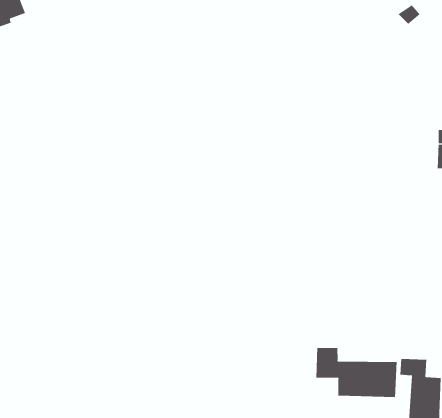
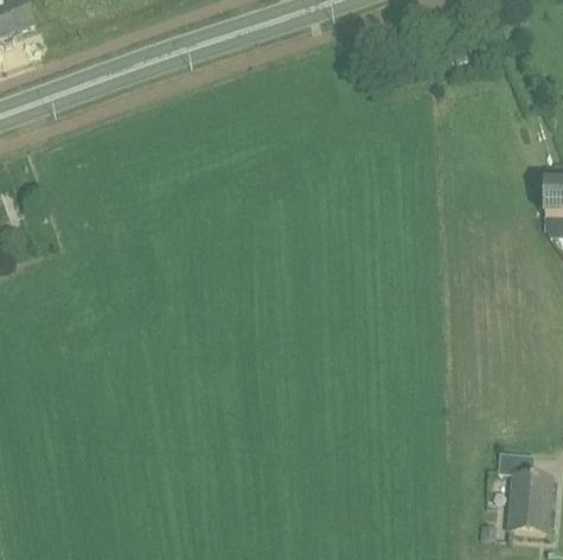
building: [316,347,397,398] -> none

